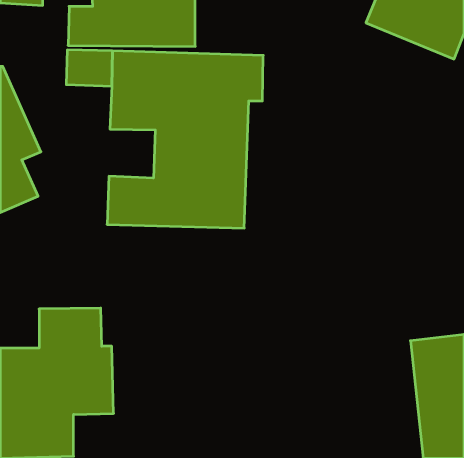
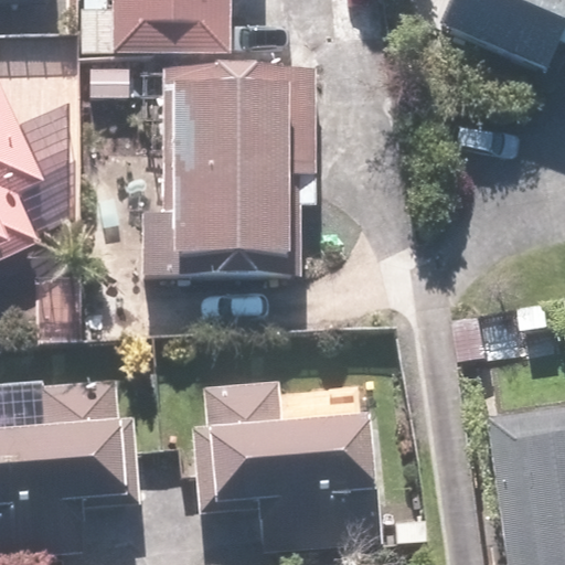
building: none -> [192,379,379,545]

